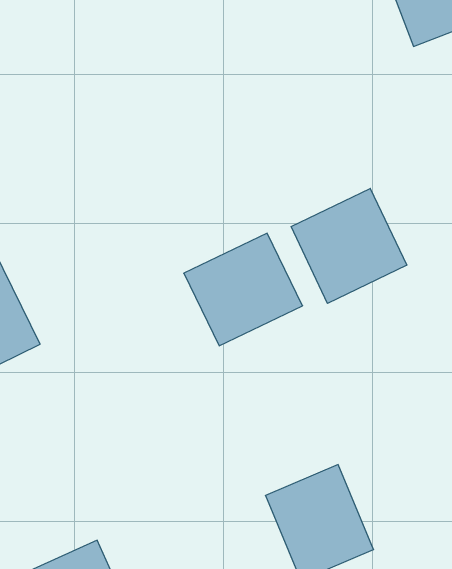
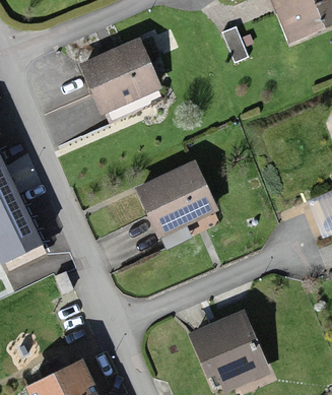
building: none -> [83,41,162,116]
building: [291,188,407,303] -> none

